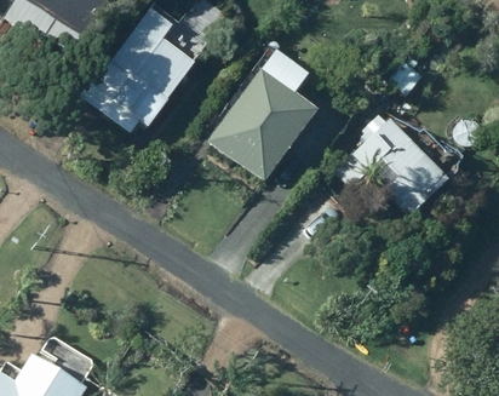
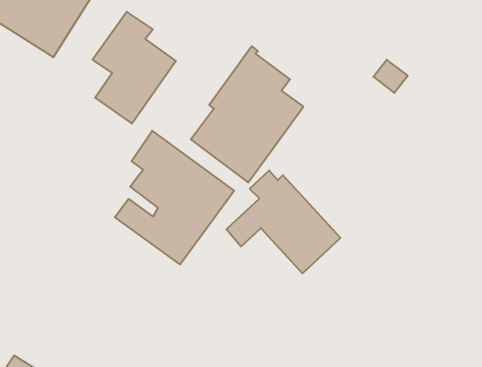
building: [335,113,448,214] -> [226,170,340,273]
building: none -> [115,131,234,264]

